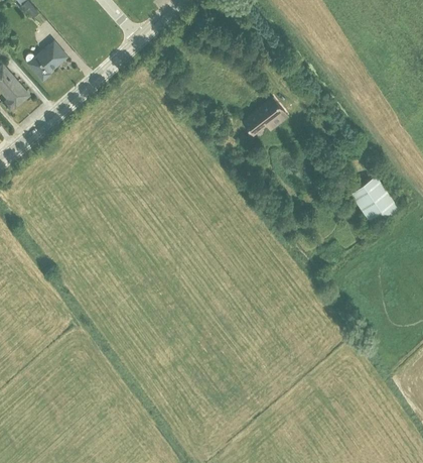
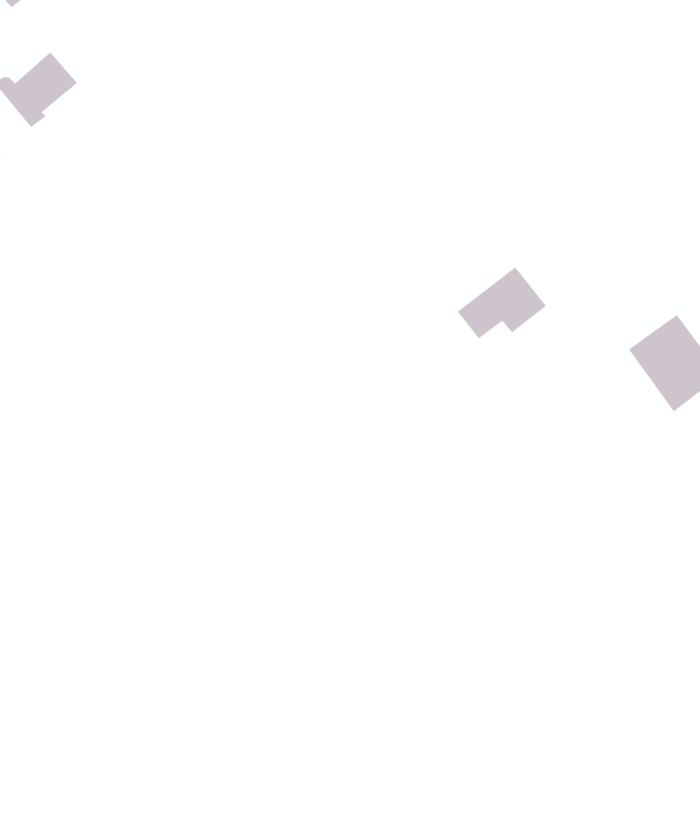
building: [242,97,288,134] -> [457,267,547,339]

